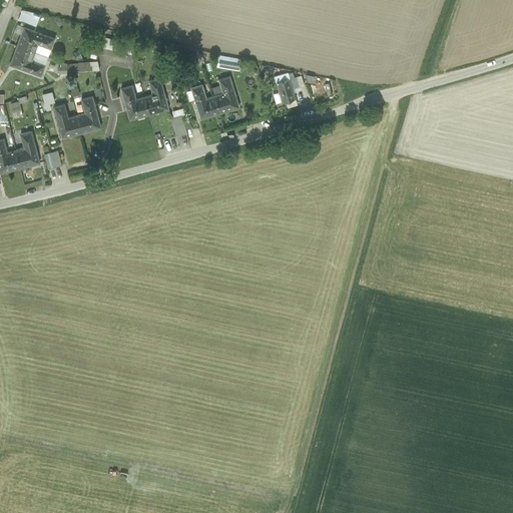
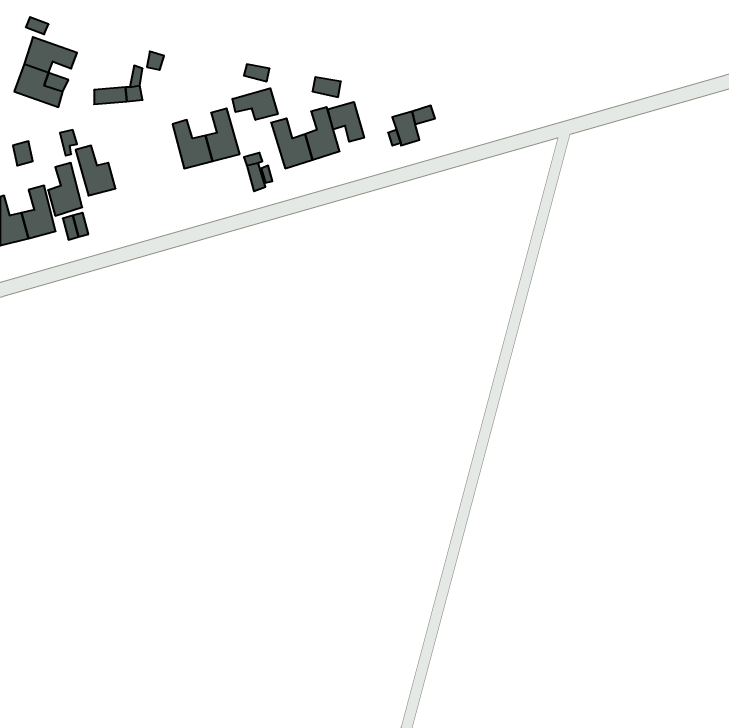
building: none -> [232,88,278,120]
building: none -> [328,102,364,142]
building: [76,95,100,132] -> [48,163,82,216]

